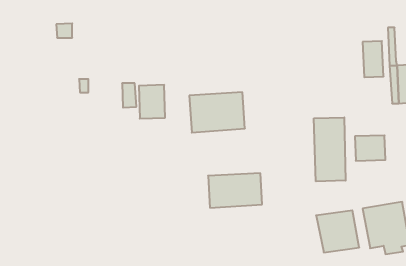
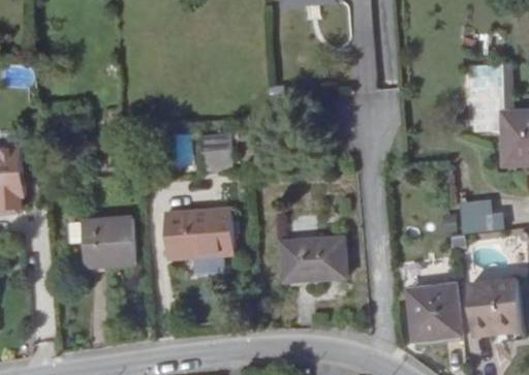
building: [189,92,245,133] -> [163,213,231,262]
building: [314,117,346,181] -> none
building: none -> [82,219,133,267]

